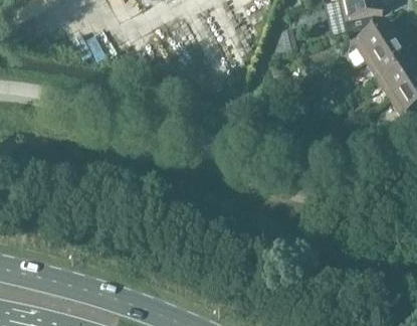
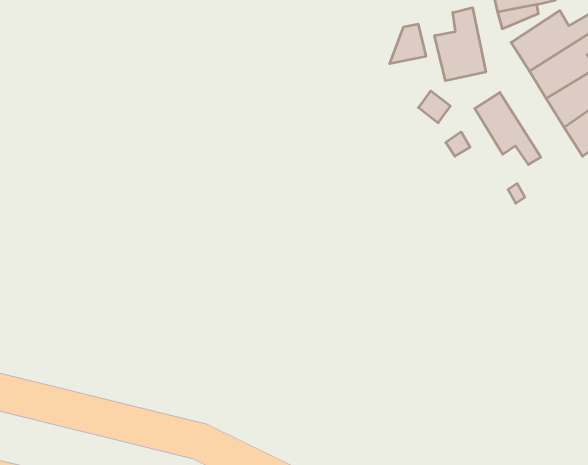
building: none -> [435,8,486,81]
building: none -> [475,92,541,165]

